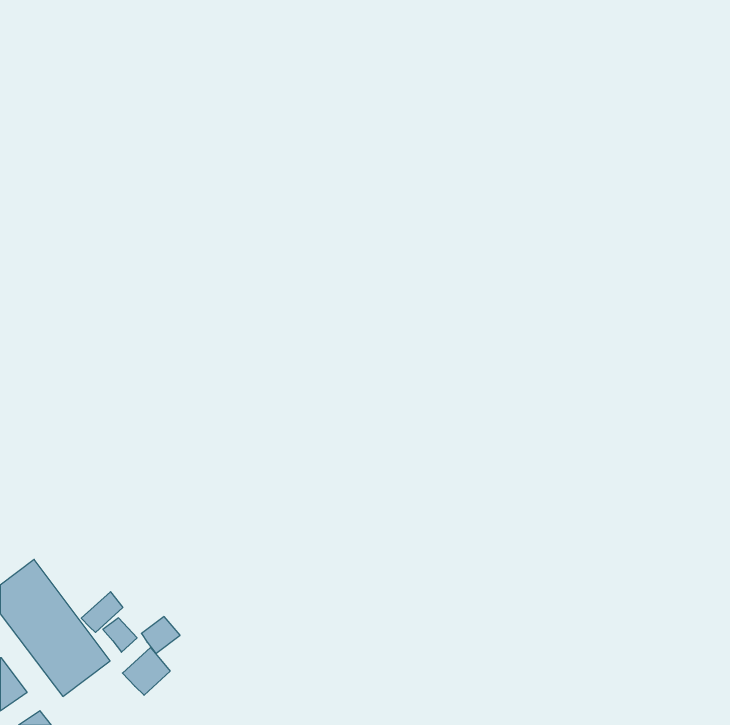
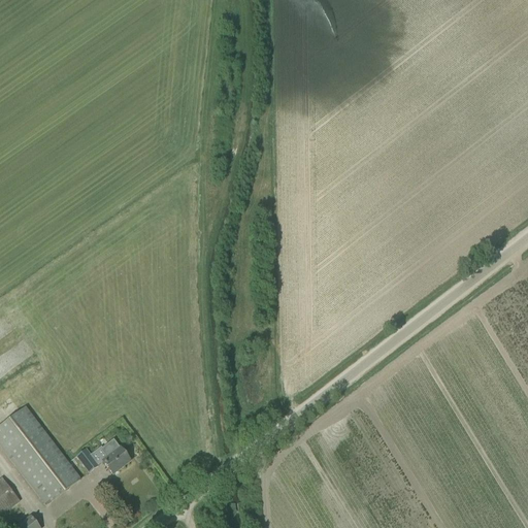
building: [81,592,123,632] -> none
building: [122,648,170,695] -> none

